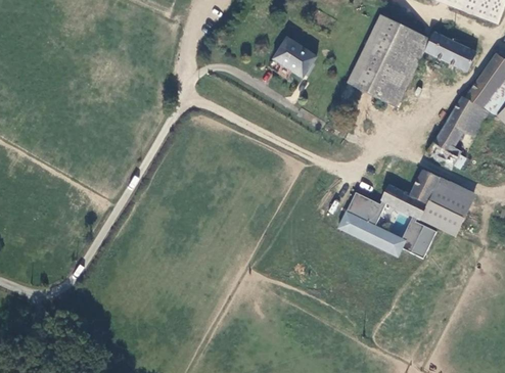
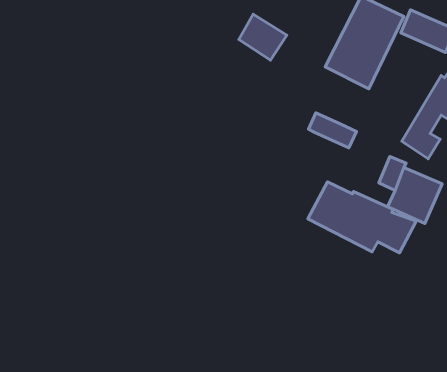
building: [374,183,419,216] -> [308,113,356,148]

